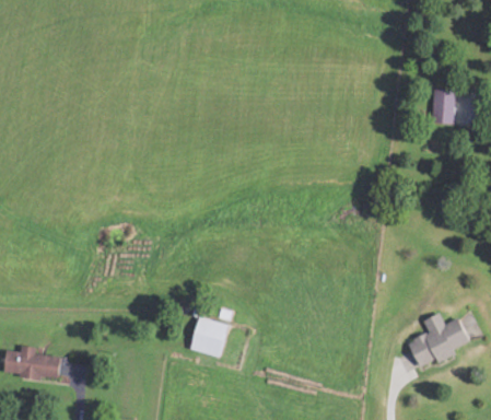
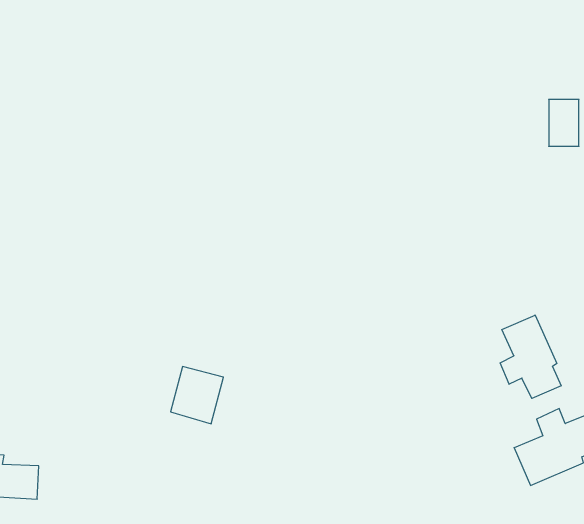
building: none -> [500,315,561,398]
building: [191,316,230,358] -> [171,367,223,424]

